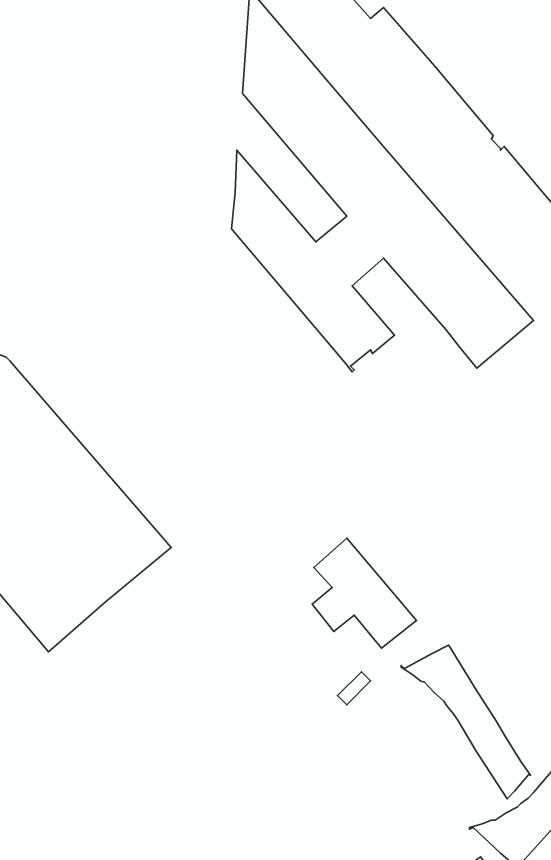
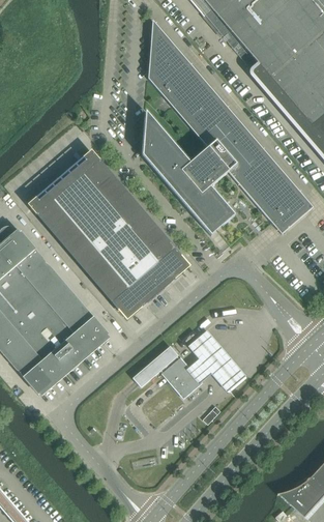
building: none -> [31,153,187,318]
building: none -> [132,345,200,397]
building: [401,645,530,799] -> none

